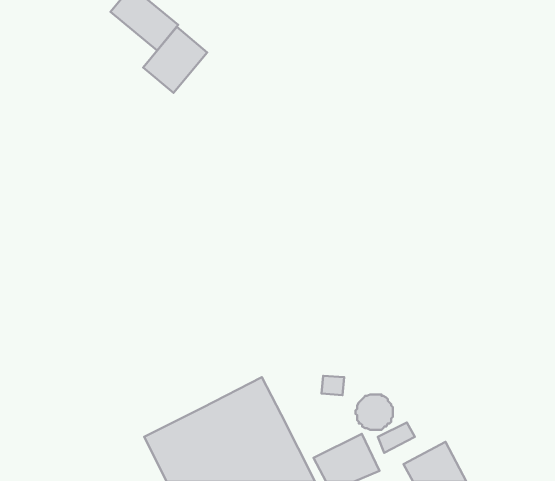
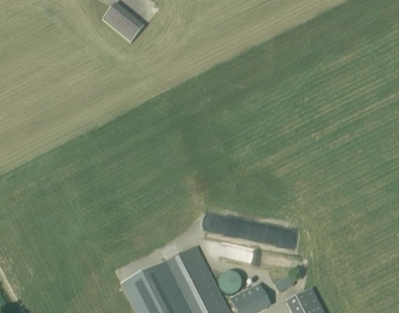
building: [143,27,207,93] -> none
building: [356,394,393,430] -> [218,273,241,295]

